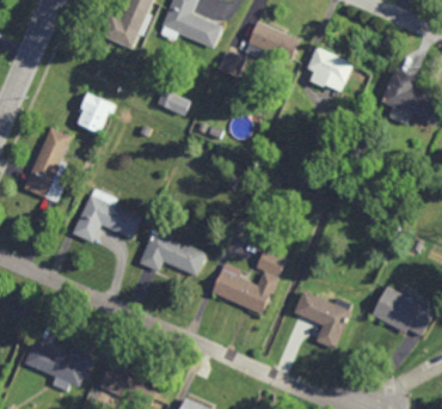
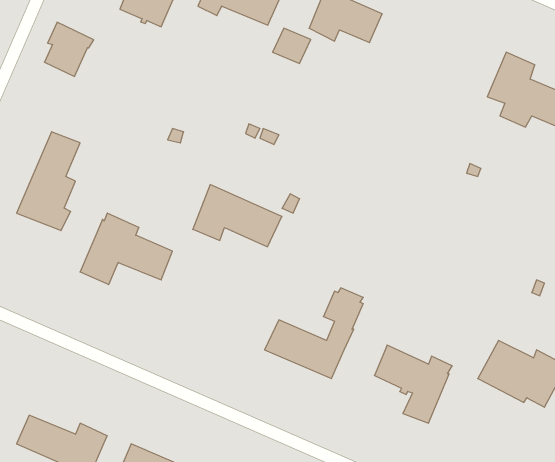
building: [306,45,352,91] -> none
building: [156,81,190,116] -> none
building: [78,93,115,134] -> [44,22,94,76]
building: [139,230,205,276] -> [193,185,282,247]

